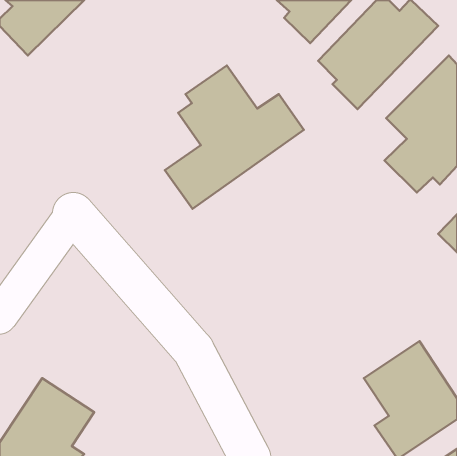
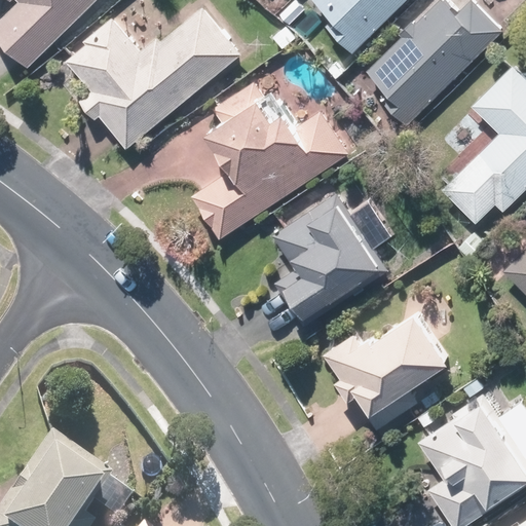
building: none -> [72,6,243,149]
building: none -> [263,196,388,329]
building: none -> [327,309,451,431]

